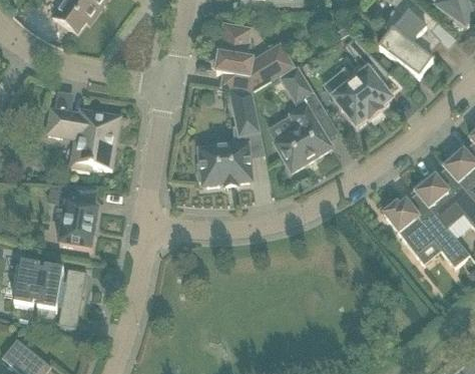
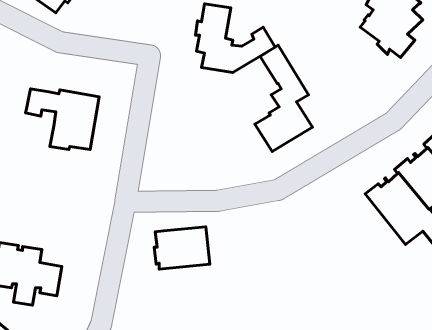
building: [332,35,391,125] -> none
building: [228,87,260,133] -> none
building: [196,141,252,183] -> [154,227,210,269]
building: [58,182,97,248] -> none

